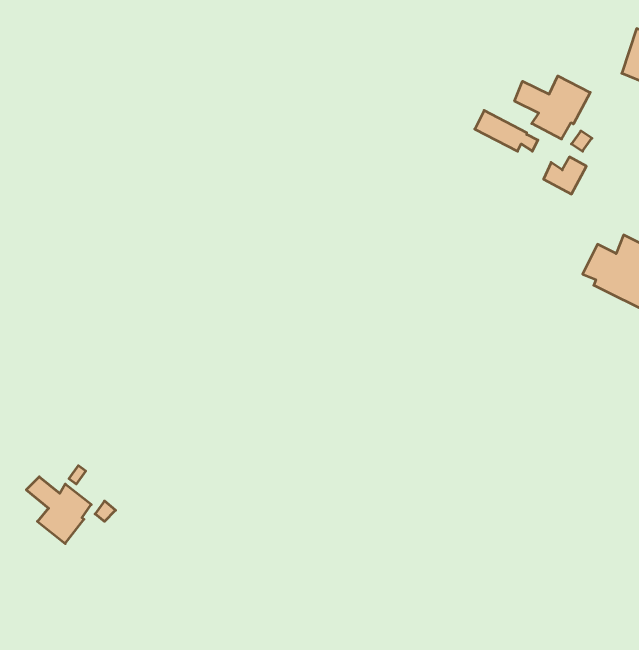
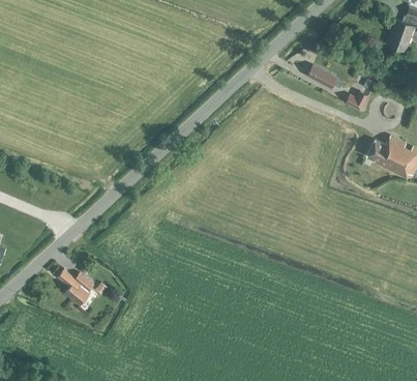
building: [515,76,590,139] -> none

